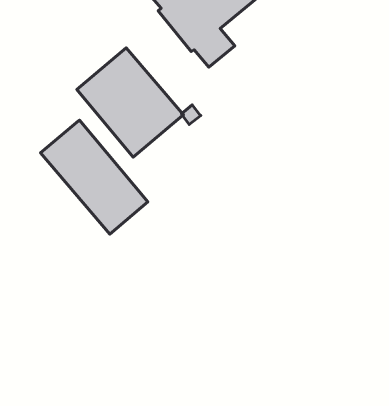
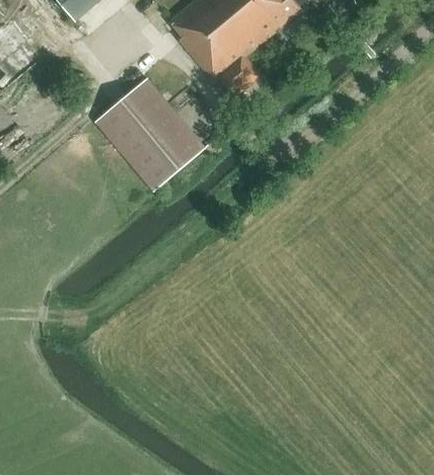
building: [40,120,148,234] -> none

